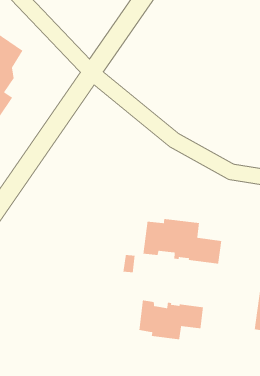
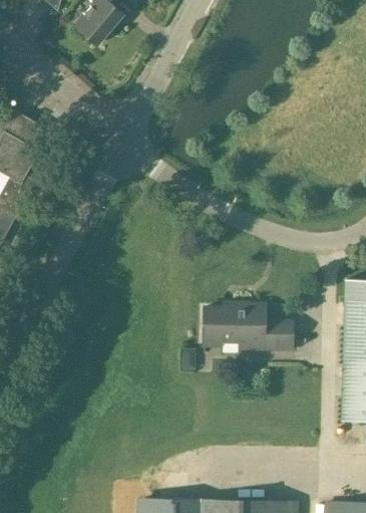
building: [138,300,204,340] -> none

